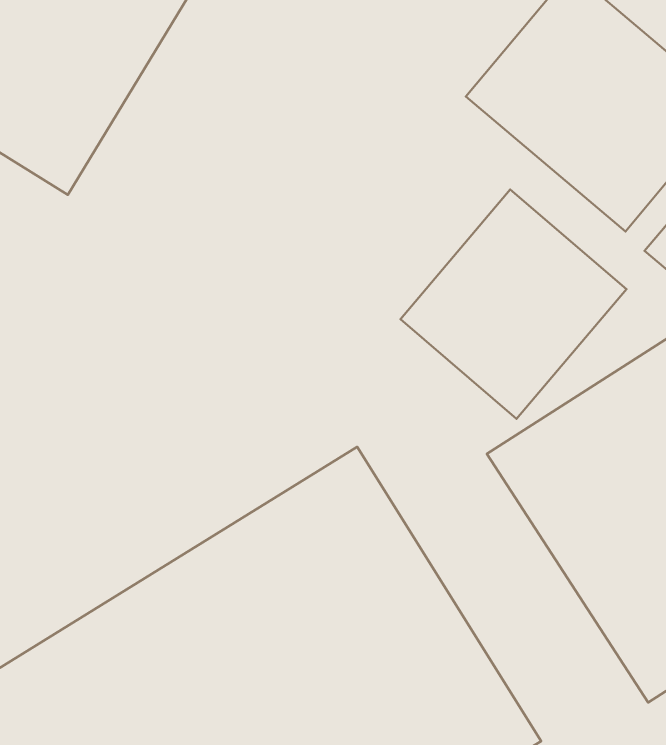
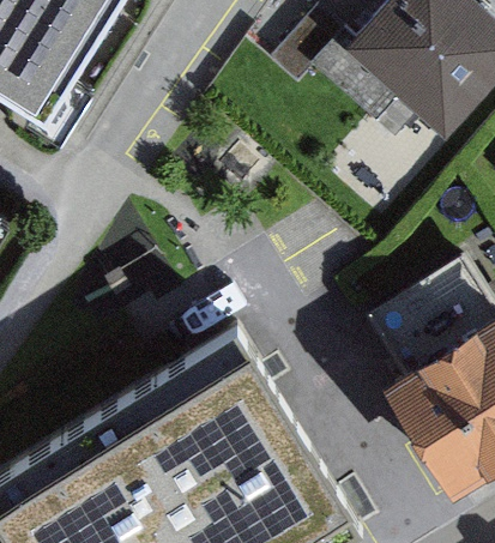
building: [400,189,626,419] -> none

